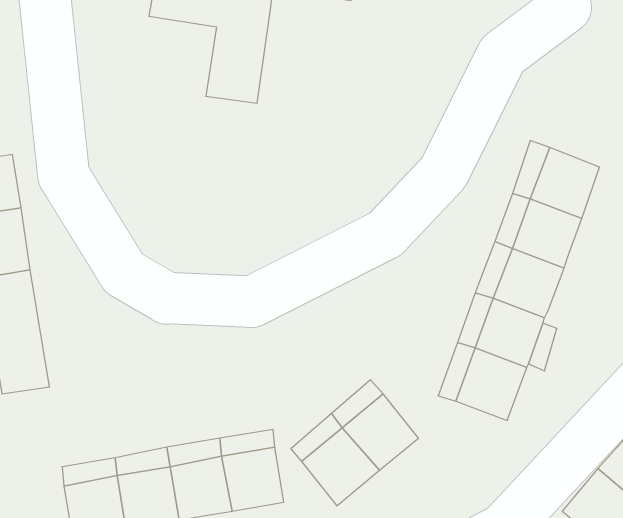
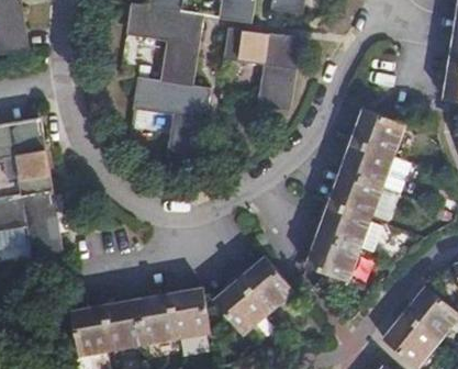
building: none -> [224,26,300,111]
building: none -> [133,78,211,160]

